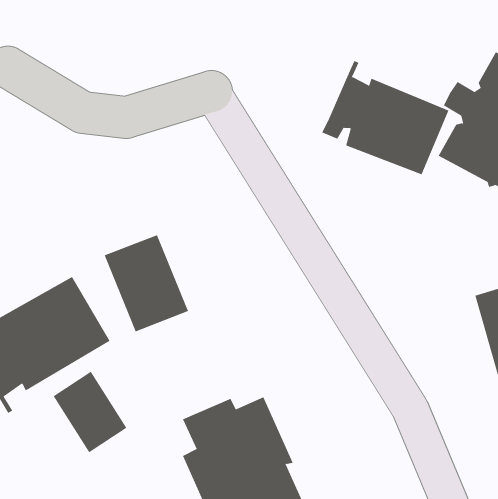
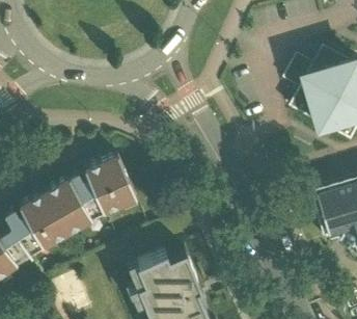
building: [321,60,449,175] -> none
building: [53,371,127,453] -> none

